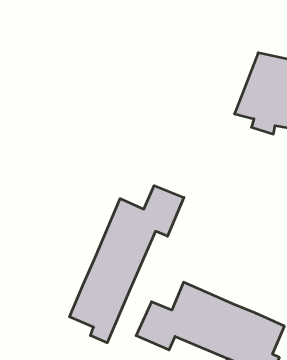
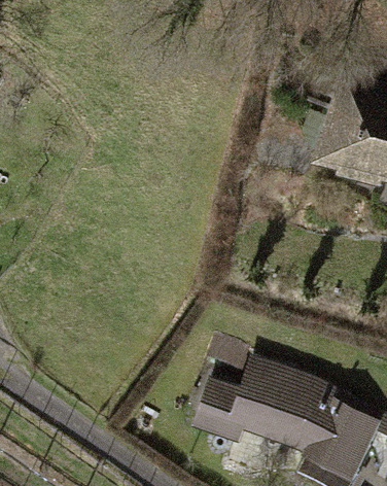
building: [70,186,184,343] -> none

